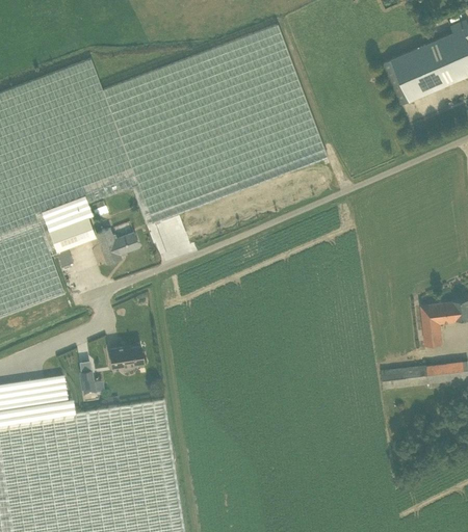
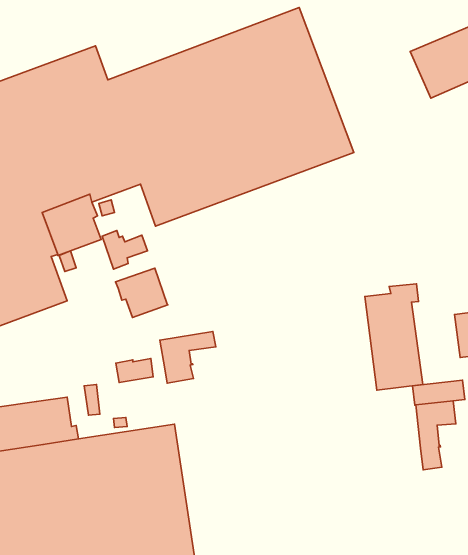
building: none -> [115,268,168,317]
building: none -> [365,284,423,390]
building: none -> [160,332,216,383]
building: none -> [416,401,456,470]

